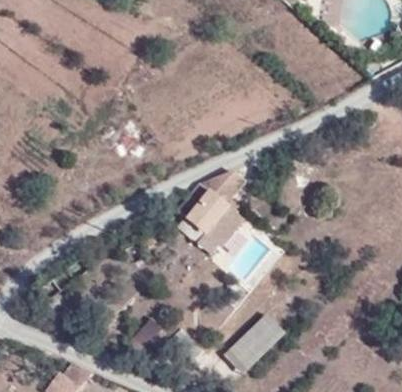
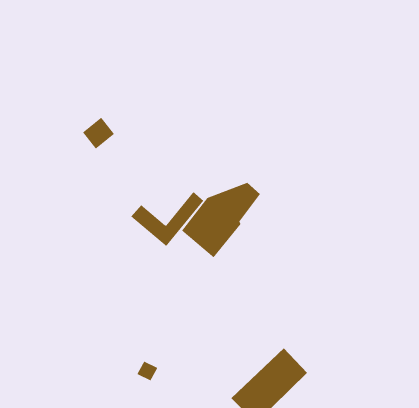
building: [178,208,239,254] -> [130,191,204,247]

